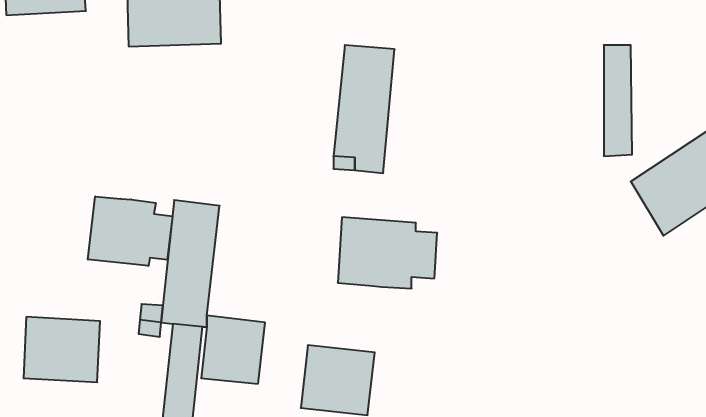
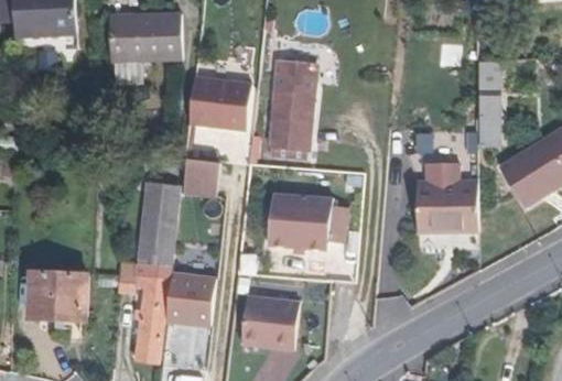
building: none -> [187,75,250,129]
building: none -> [184,156,220,193]
building: [88,196,172,266] -> none
building: none -> [415,181,476,232]

